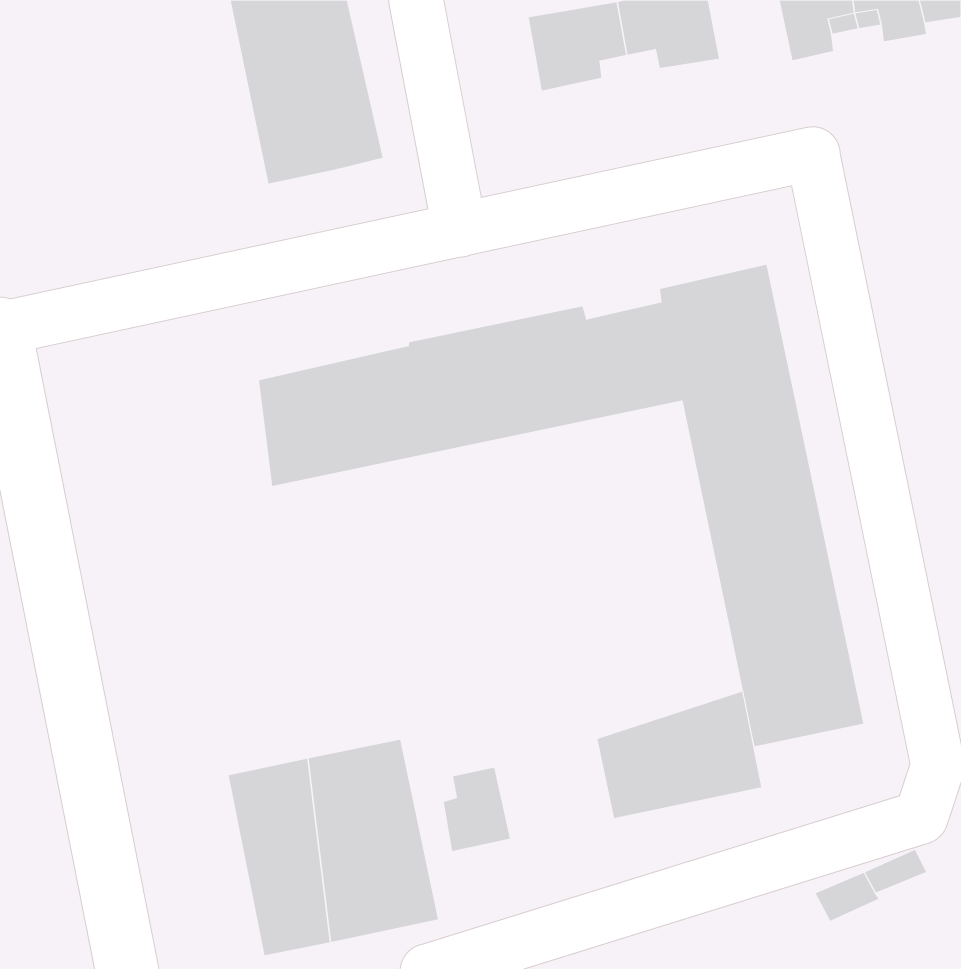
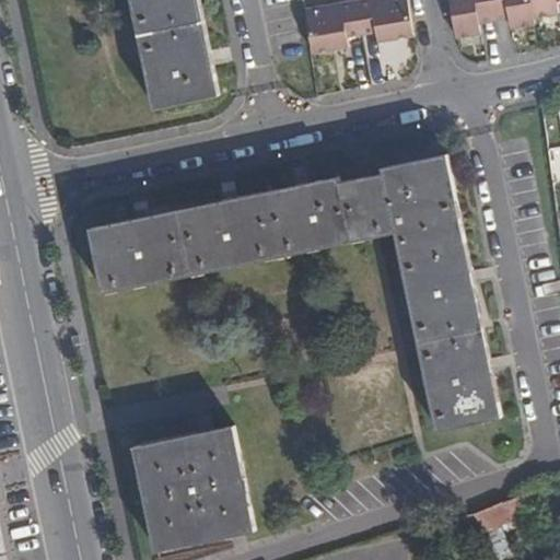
building: none -> [86,198,235,293]
building: [597,691,762,819] -> none
building: [443,767,511,852] -> none

